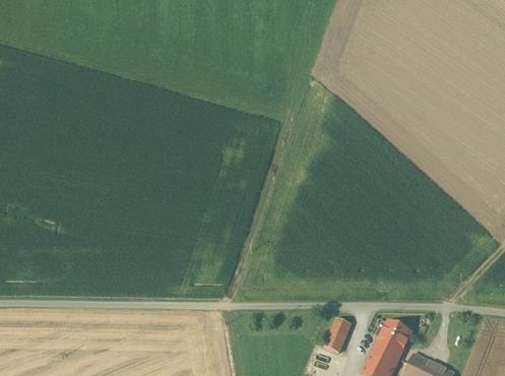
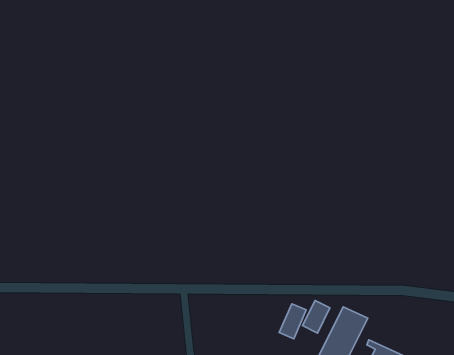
building: none -> [303,300,330,333]

